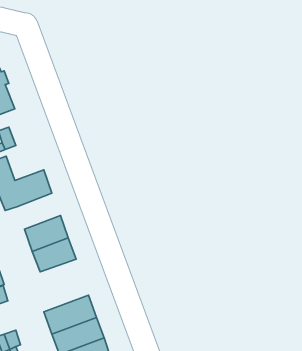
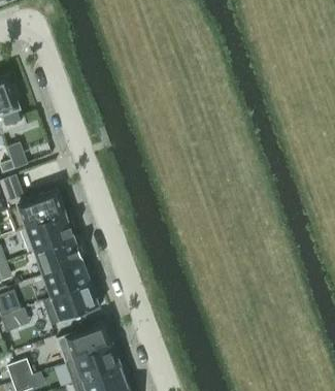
building: none -> [28,214,74,252]
building: none -> [42,284,99,324]

